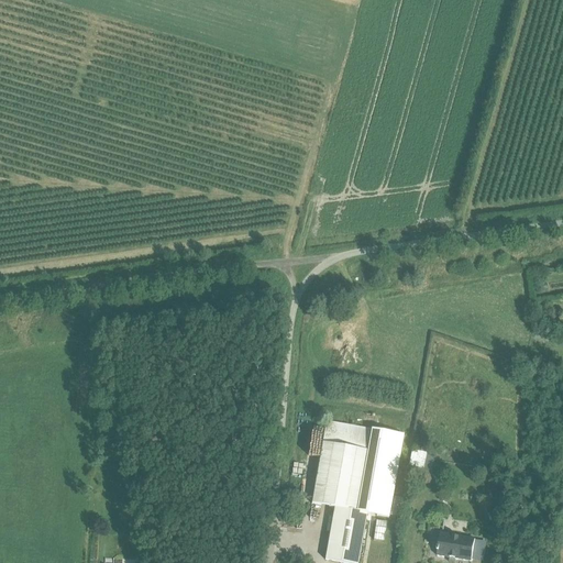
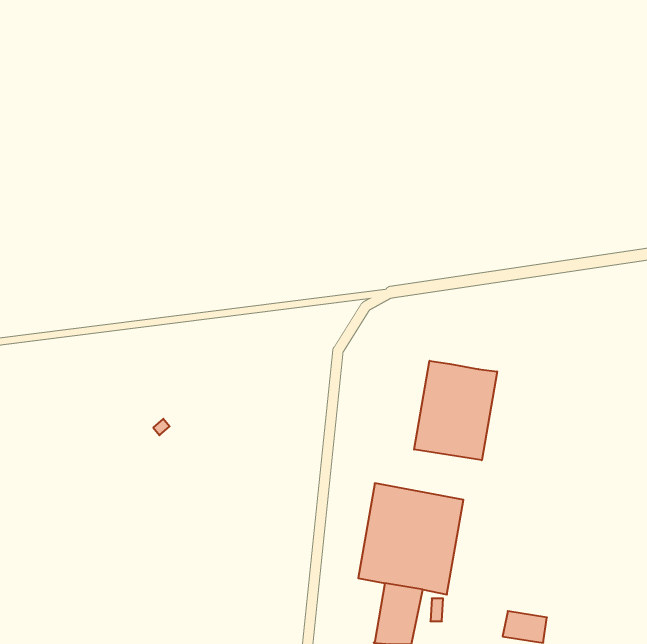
building: none -> [414,361,497,460]

